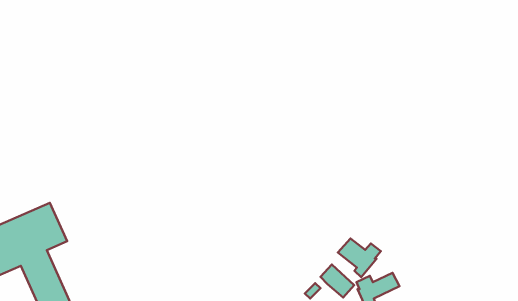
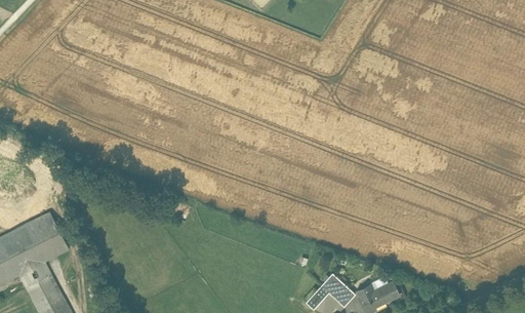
building: [338,239,381,277] -> none

